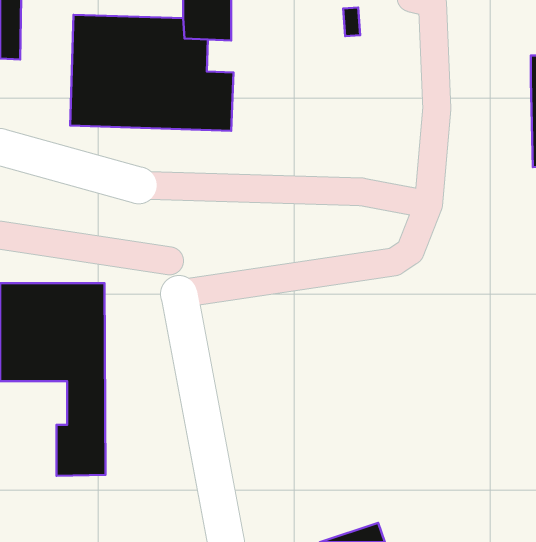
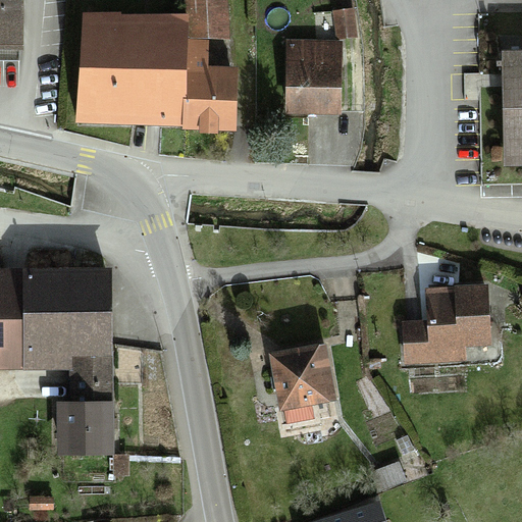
building: none -> [288,41,338,112]
building: none -> [407,288,488,363]
building: none -> [271,347,336,409]

